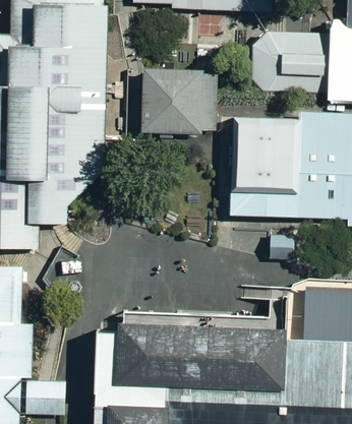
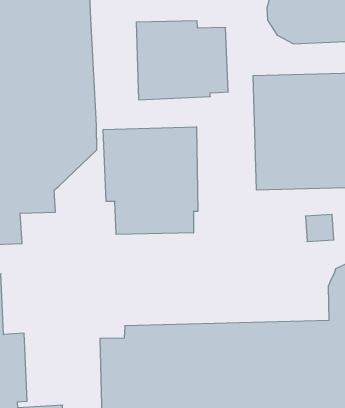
building: none -> [103,127,198,234]

